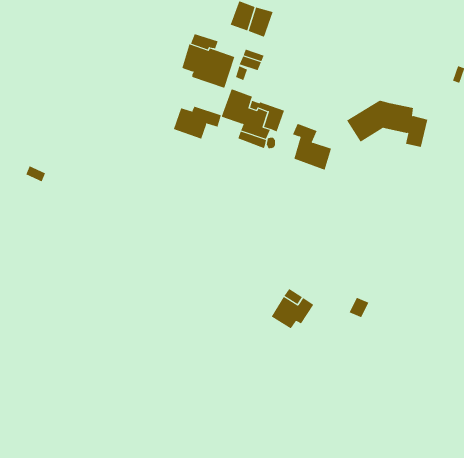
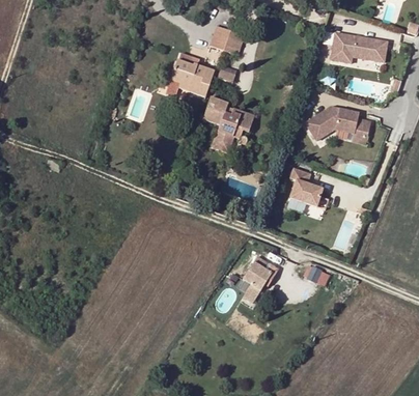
building: none -> [330,32,387,62]
building: [173,106,222,139] -> none
building: [292,123,332,170] -> [289,168,322,206]

